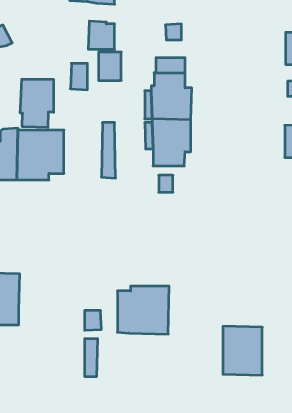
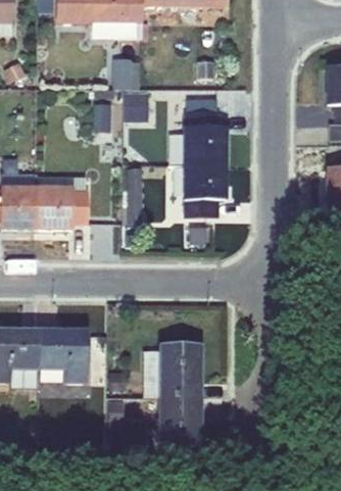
building: [20,79,54,127] -> none
building: none -> [38,331,88,382]
building: [223,326,262,375] -> [157,395,200,448]

